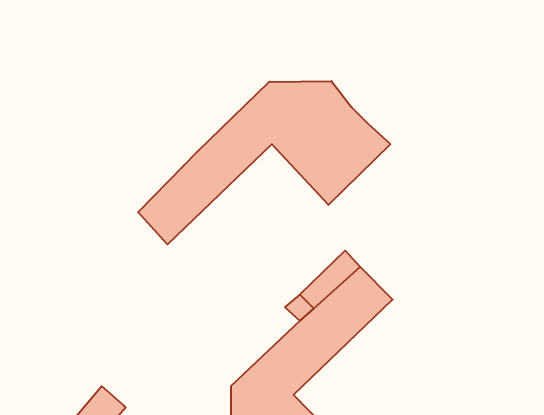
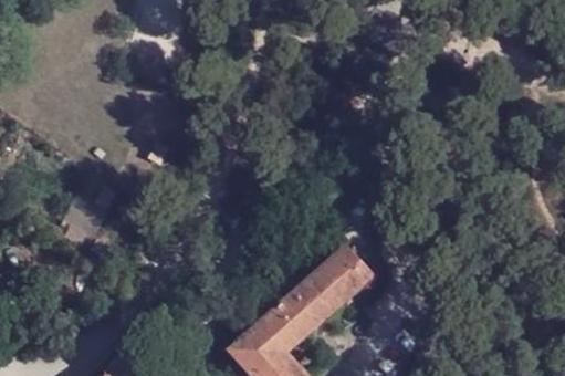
building: [138,81,390,244] -> none

